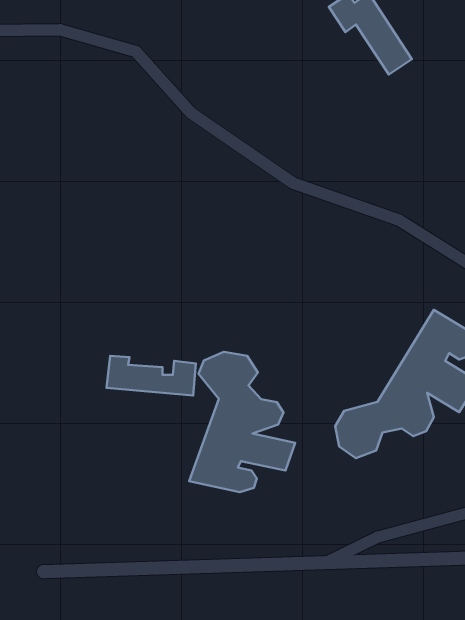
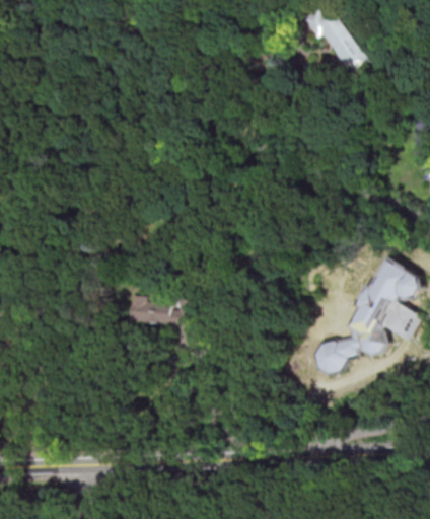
building: [189,352,295,492] -> none

